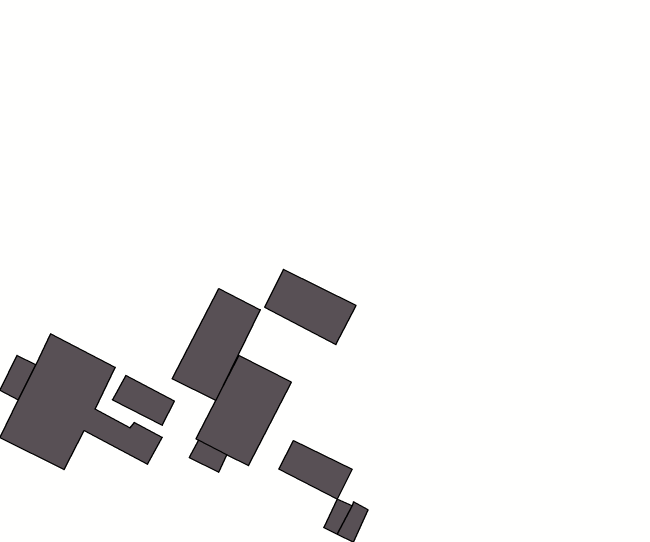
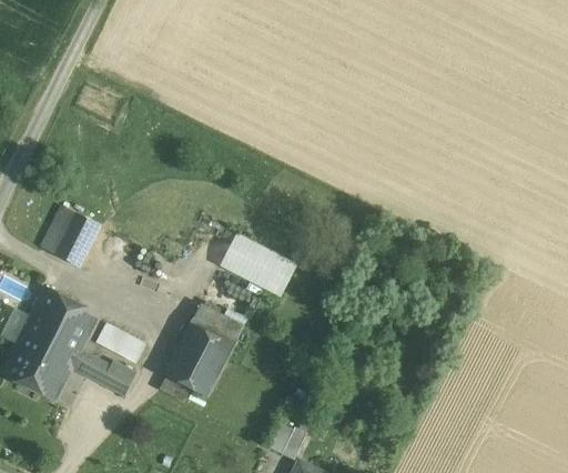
building: none -> [40,205,100,266]
building: [172,289,260,400] -> none
building: [279,441,352,499] -> none

